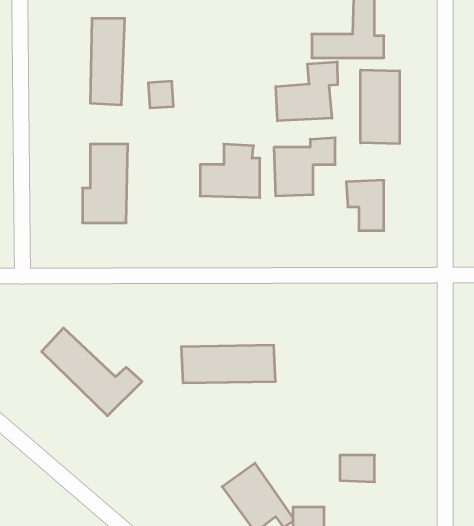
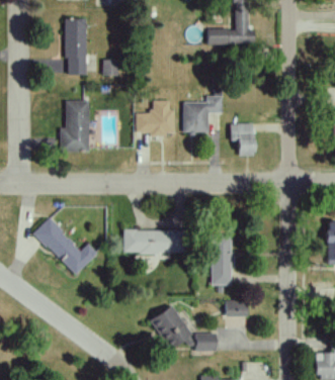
building: [276,62,338,121] -> none
building: [361,70,400,144] -> none
building: none -> [211,235,232,285]

